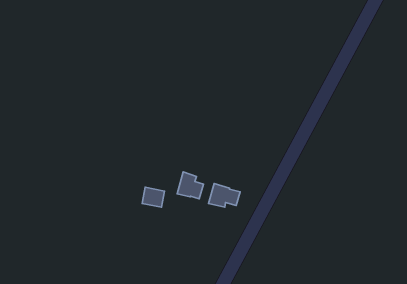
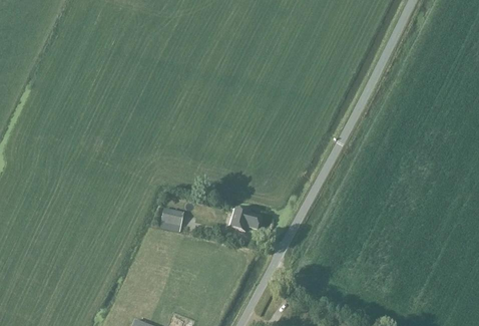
building: [177,172,203,199] -> none

